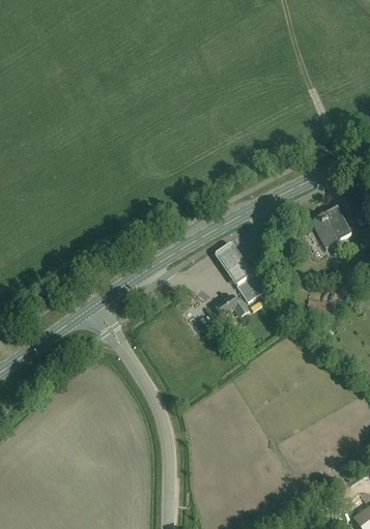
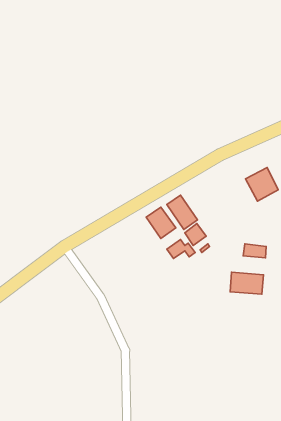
building: none -> [146,207,176,238]
building: none -> [230,272,263,294]

